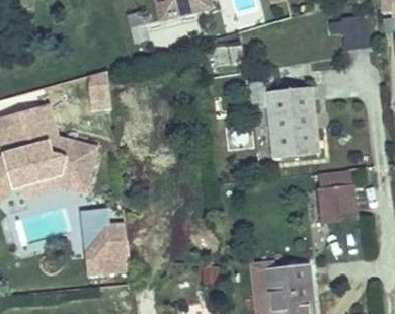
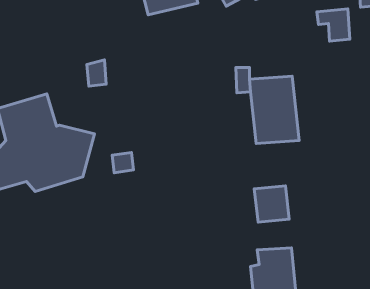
building: [320,182,357,220] -> [254,186,289,222]
building: [81,209,129,274] -> none

